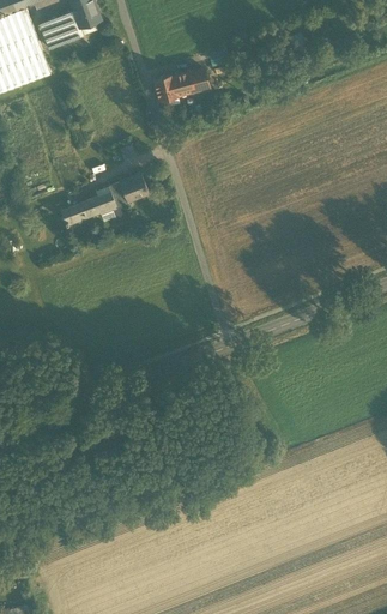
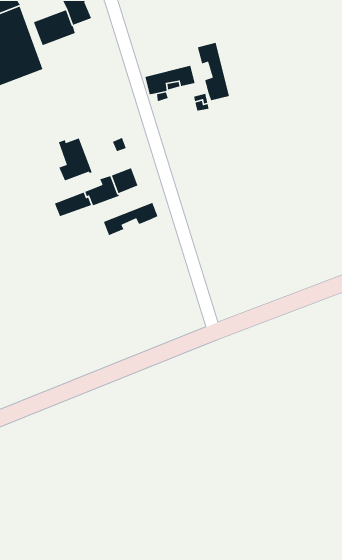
building: none -> [197,42,230,101]
building: none -> [58,137,93,181]
building: none -> [103,202,159,236]

